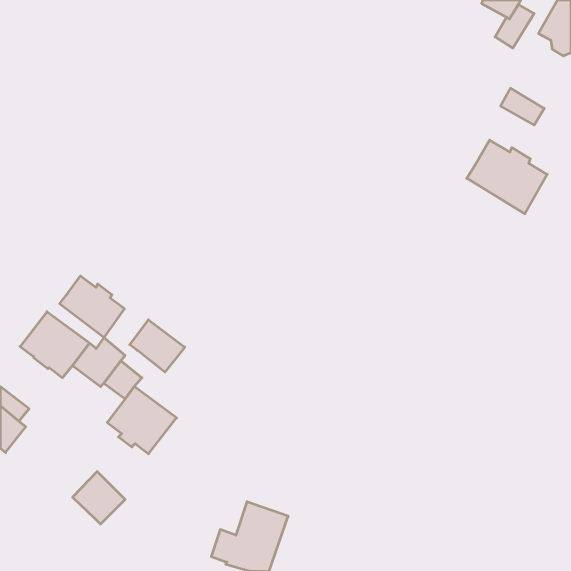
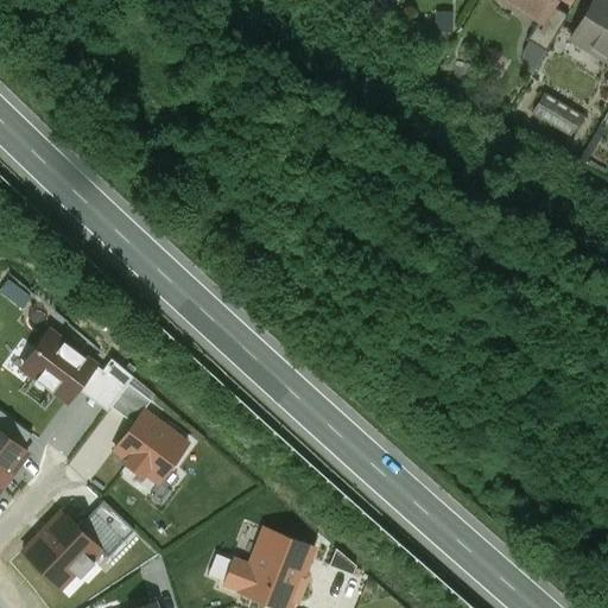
building: [467,140,547,214] -> none
building: [60,276,124,337] -> none
building: [130,320,185,372] -> none
building: none -> [24,513,101,588]

